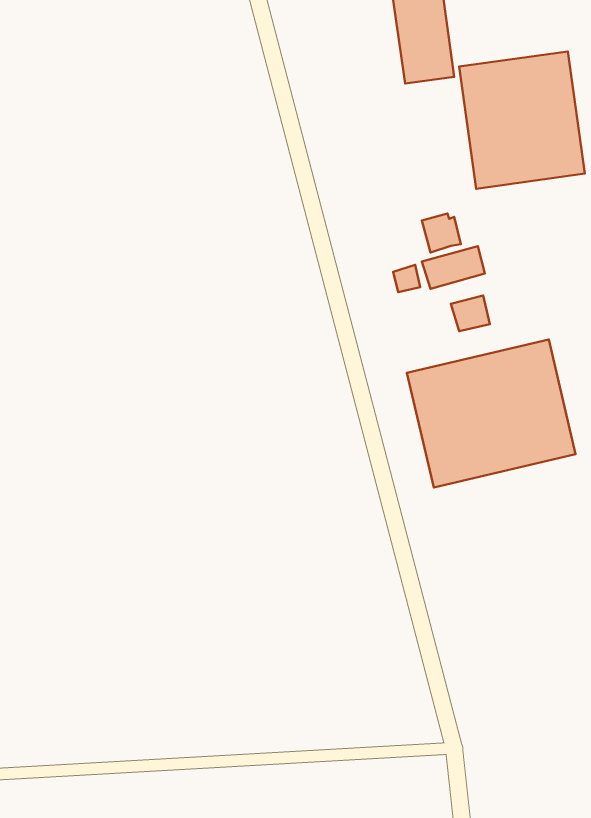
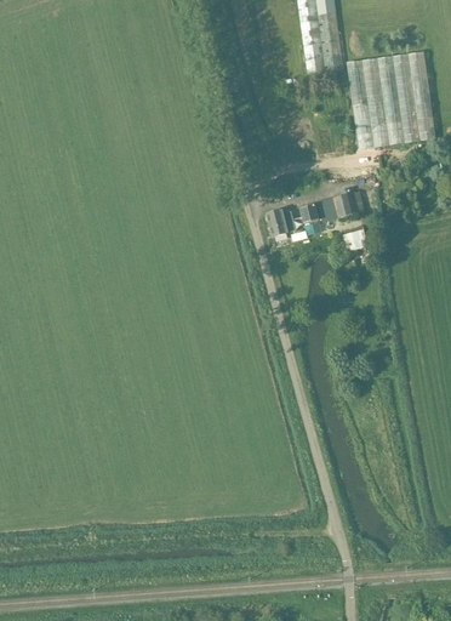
building: [422,214,461,253] -> [268,209,296,237]
building: [407,339,576,488] -> none

